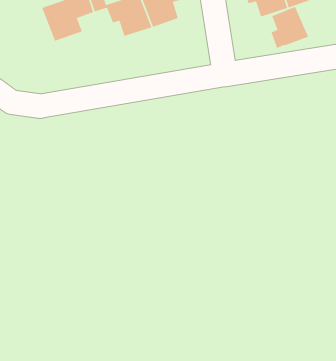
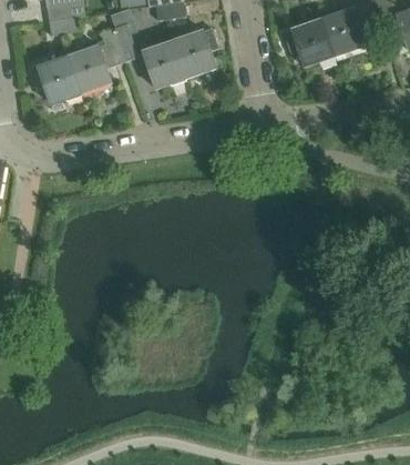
building: [271,6,309,49] -> none
building: none -> [31,54,82,103]

